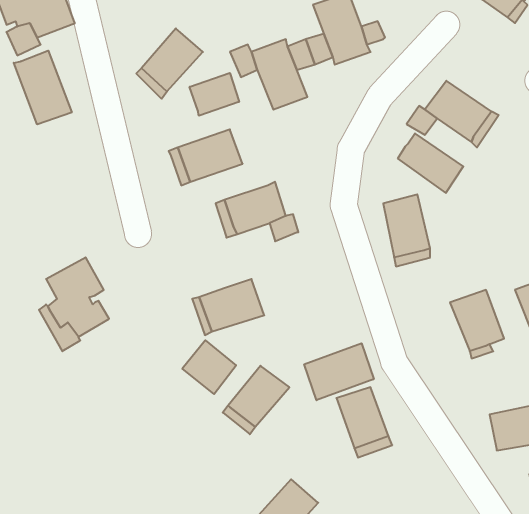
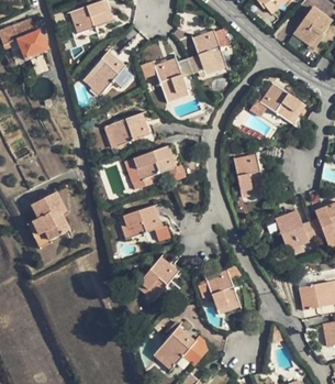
building: [14,51,72,124] -> none
building: [190,73,239,116] -> none
building: [398,133,463,193] -> none
building: [182,340,236,394] -> none
building: [304,343,374,400] -> none

